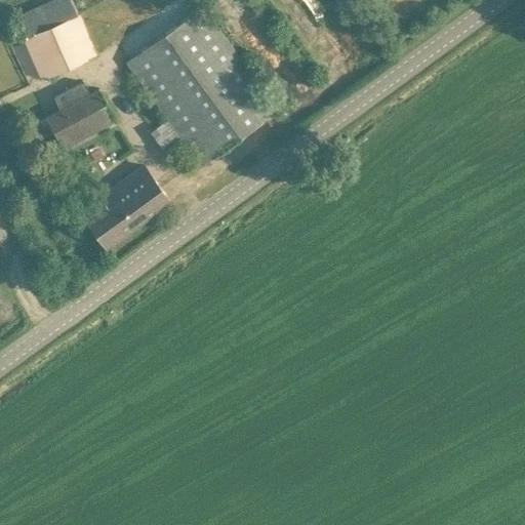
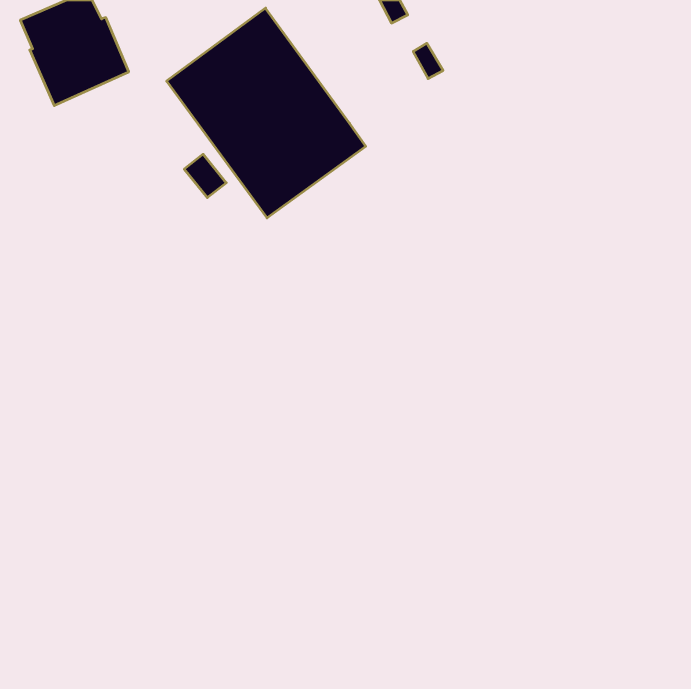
building: [28,84,117,154] -> none
building: [80,168,169,249] -> none

